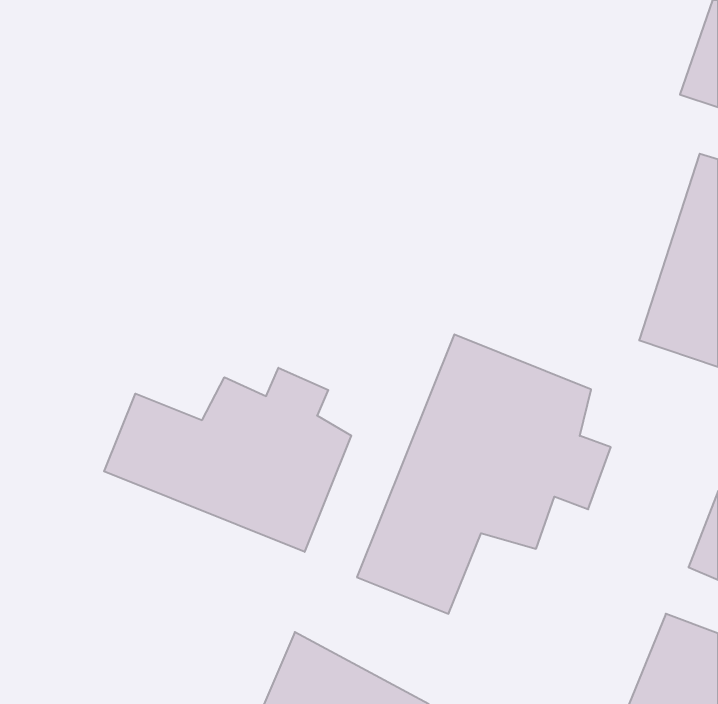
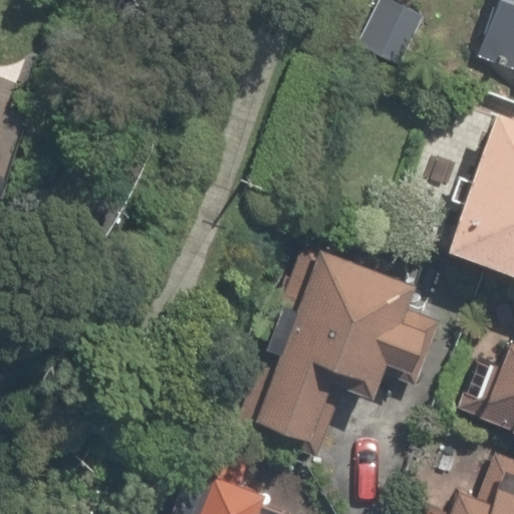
building: [104,368,351,552] -> none

